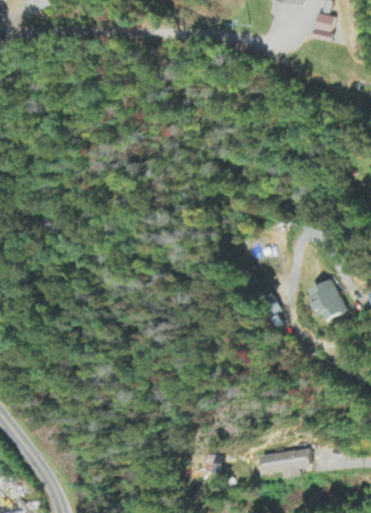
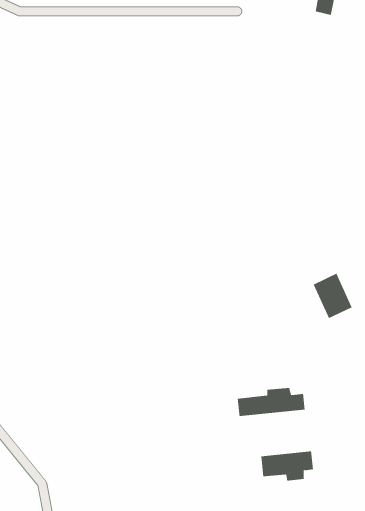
building: none -> [237,387,305,417]

